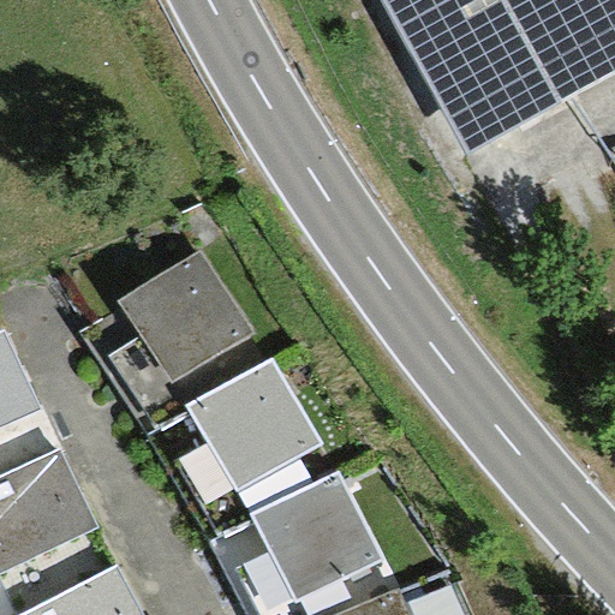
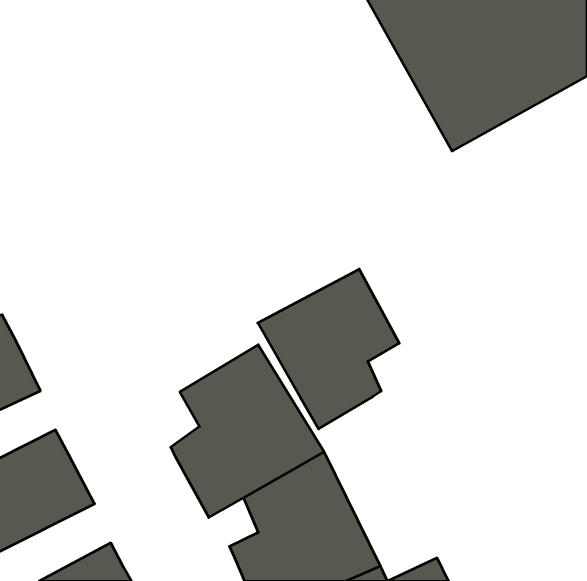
building: [107,247,269,429] -> none
building: none -> [258,269,399,429]

